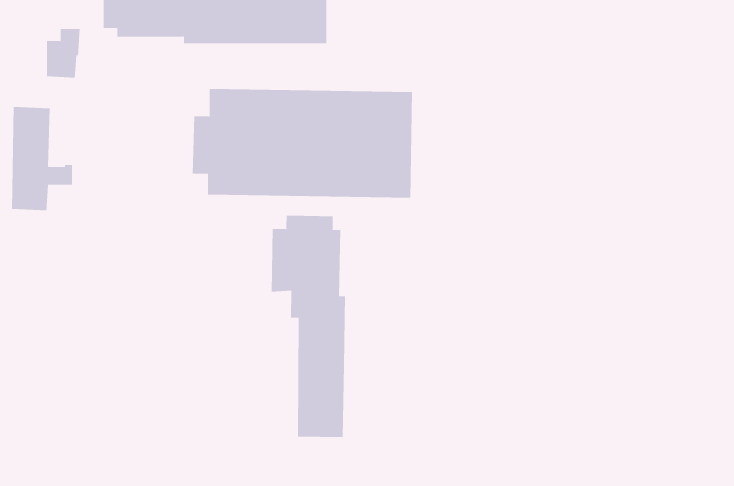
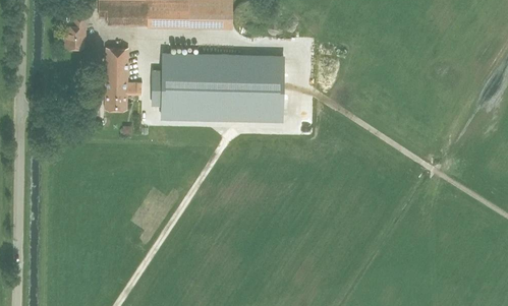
building: [11,106,73,211] -> [105,48,142,110]
building: [271,215,346,438] -> none

